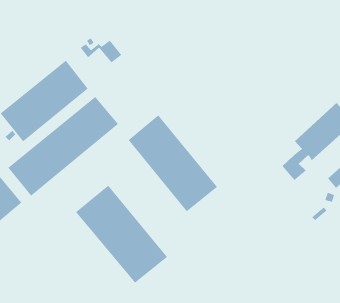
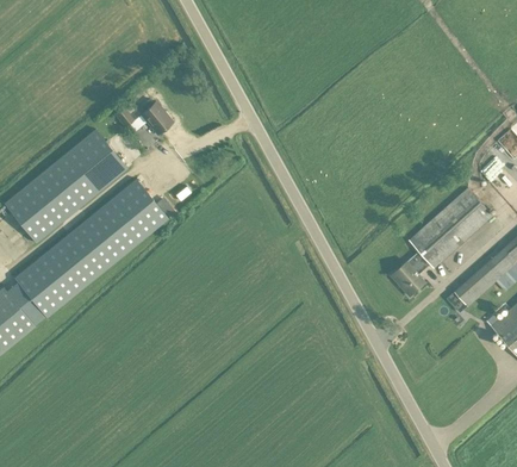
building: [128,115,218,212] -> none
building: [75,185,168,284] -> none

